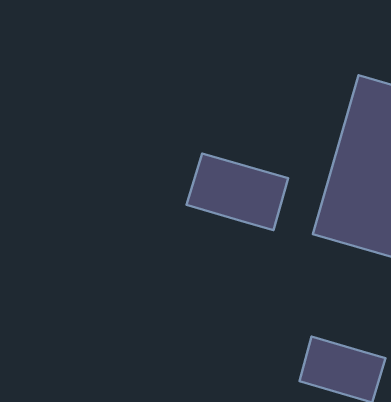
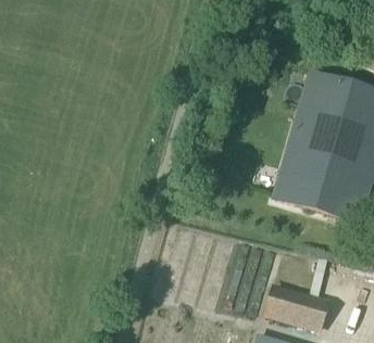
building: [186,154,288,230] -> none

